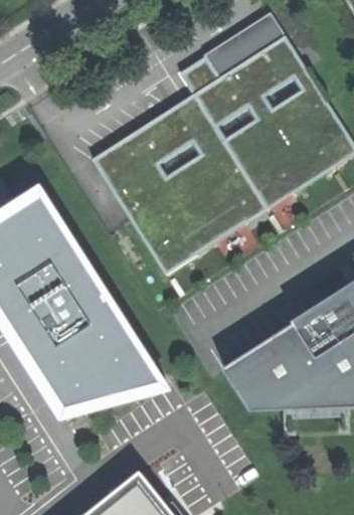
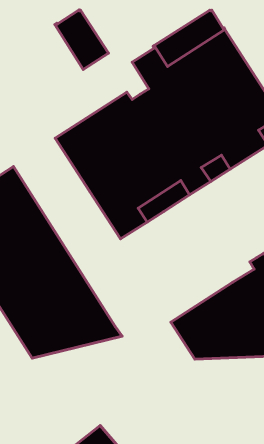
building: none -> [55,10,108,70]

